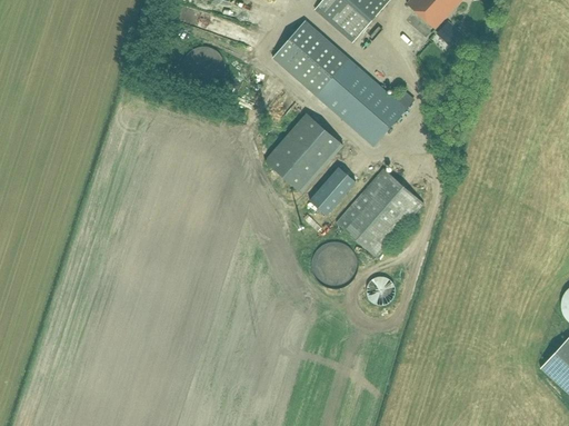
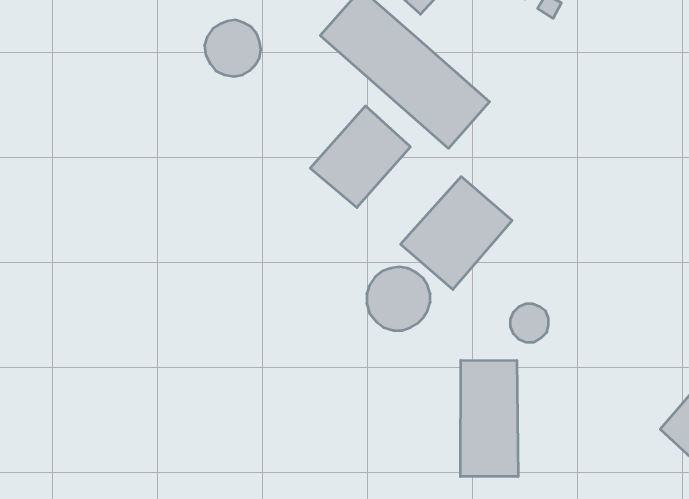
building: [309,166,356,215] -> none
building: [367,277,397,307] -> [510,304,548,342]
building: none -> [460,360,518,477]

